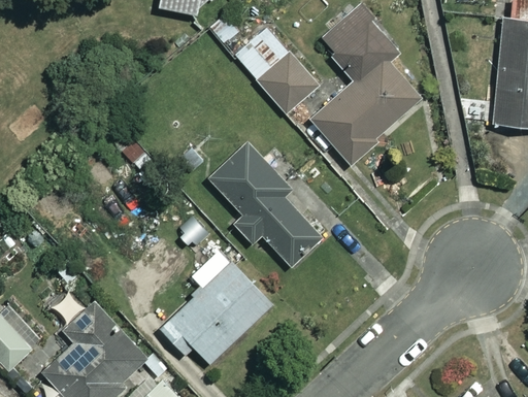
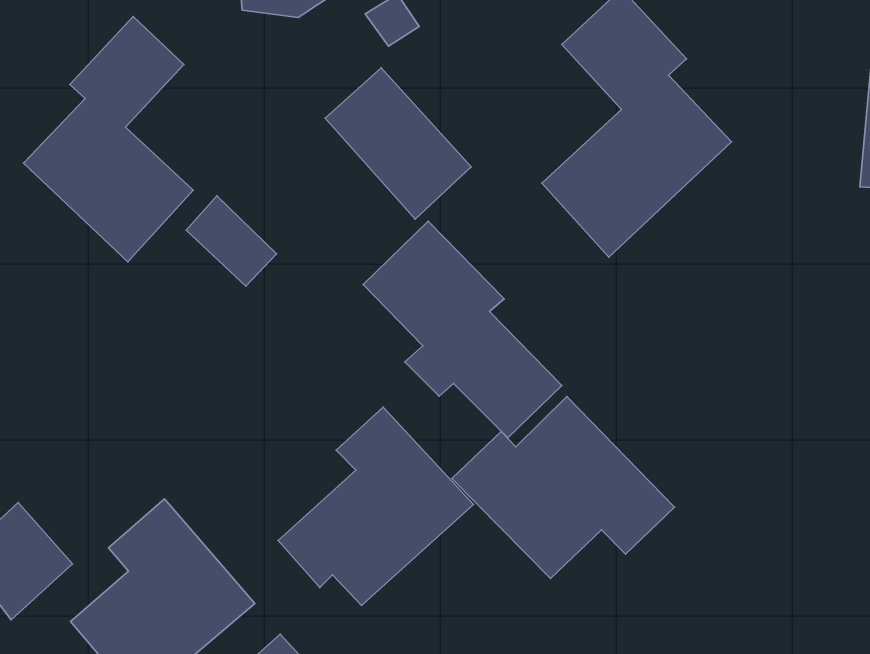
building: none -> [24,17,193,262]
building: [235,29,319,115] -> [325,68,471,219]
building: none -> [452,396,675,578]

